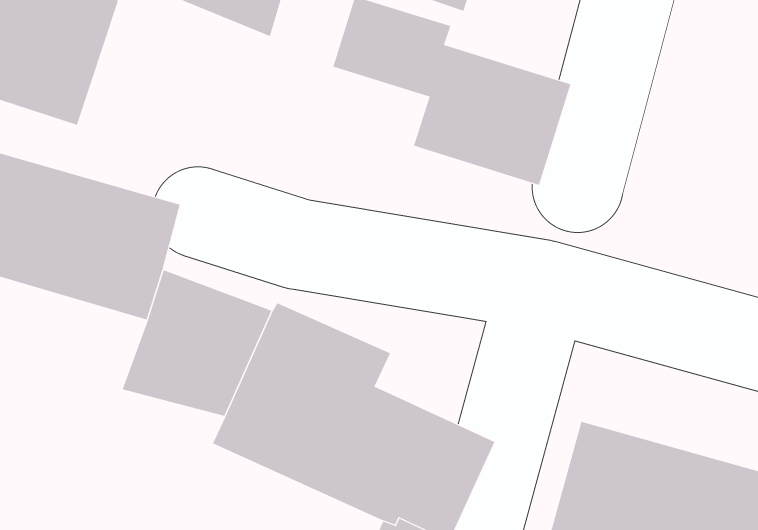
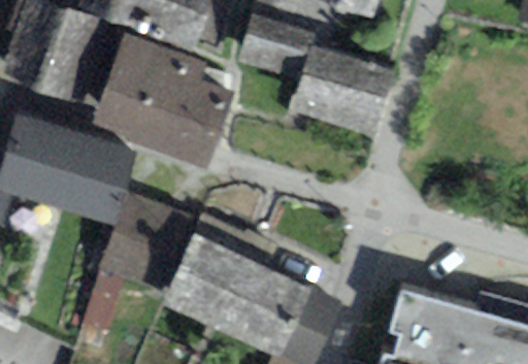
building: none -> [92,29,231,167]

